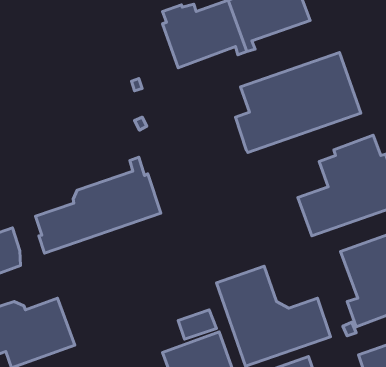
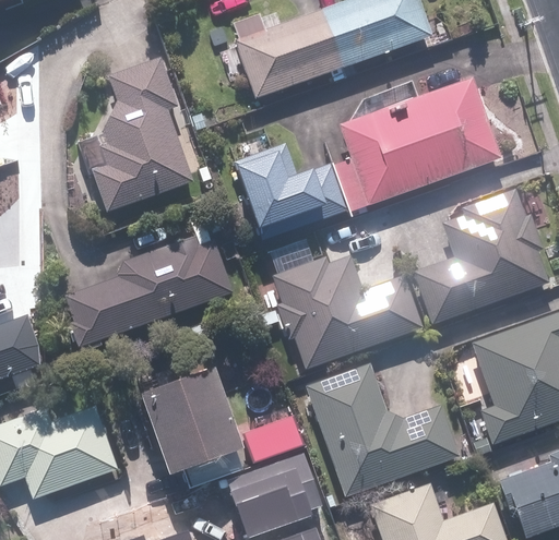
building: none -> [92,59,192,211]
building: none -> [230,145,346,240]
building: none -> [262,239,421,369]
building: none -> [134,369,246,487]

